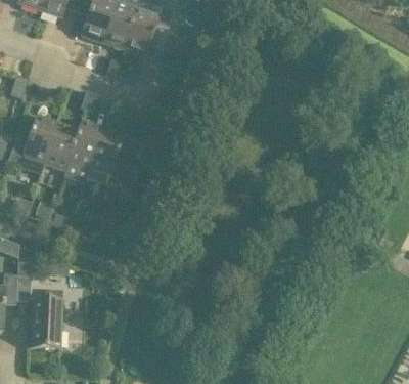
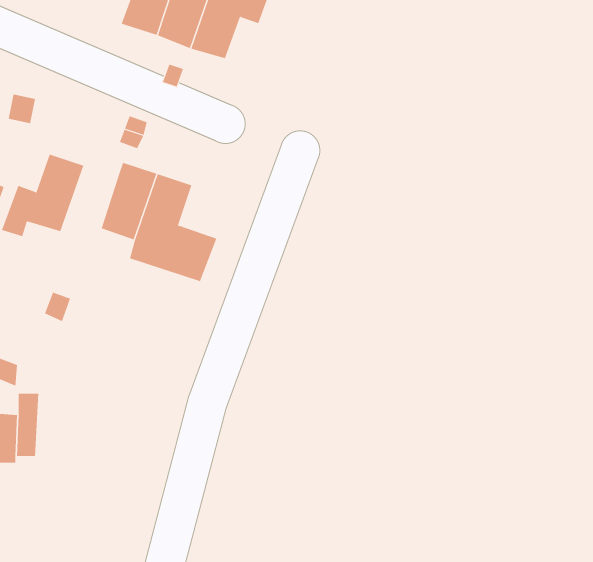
building: [43,121,78,170] -> none
building: [30,297,61,348] -> none

